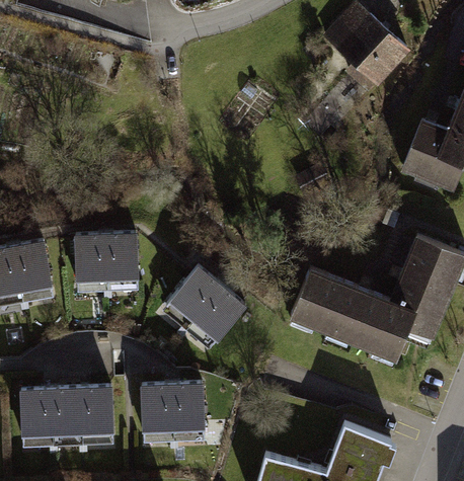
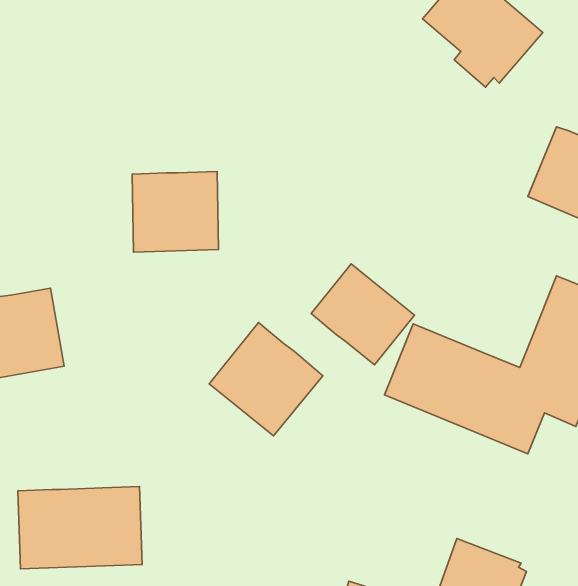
building: none -> [311,264,415,365]
building: [74,230,138,290] -> [132,172,218,252]
building: [141,381,206,443] -> none

